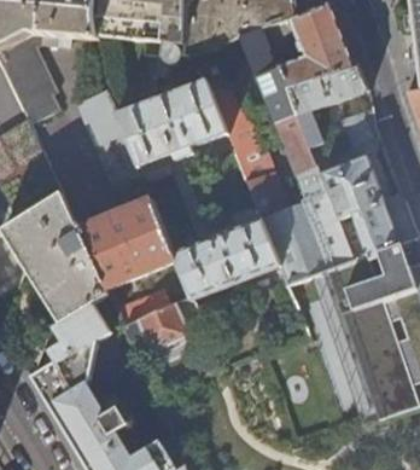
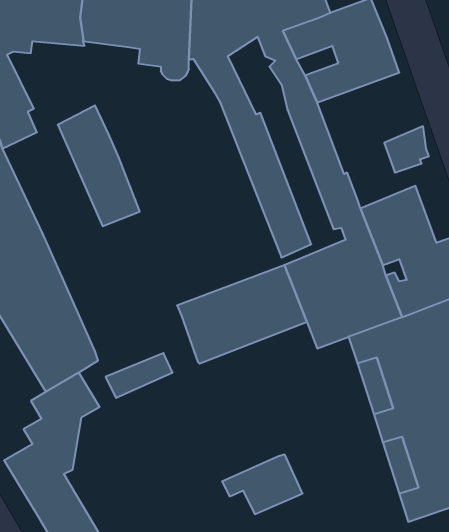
building: [285,63,366,166] -> none
building: [116,79,224,166] -> none
building: [78,197,175,289] -> none
building: [122,304,187,353] -> [222,455,303,514]

